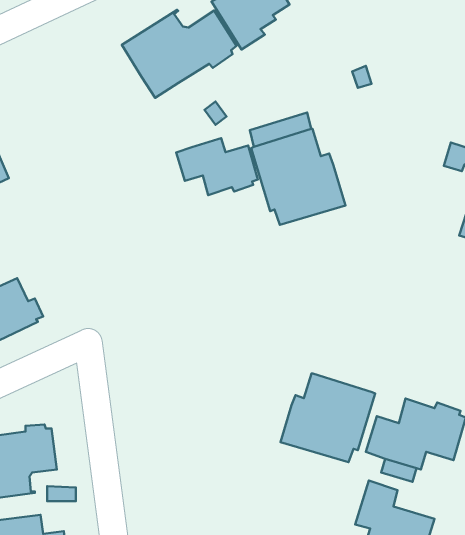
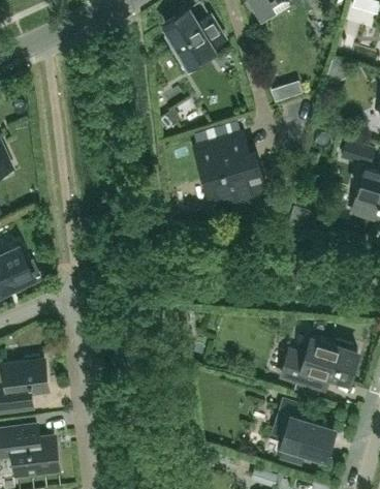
building: [122,10,236,98] -> none
building: [176,138,258,195] -> none
building: [280,374,375,462] -> none

